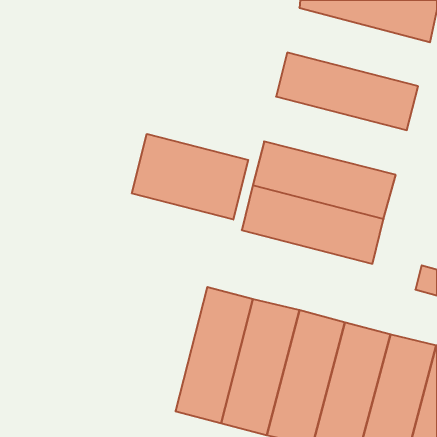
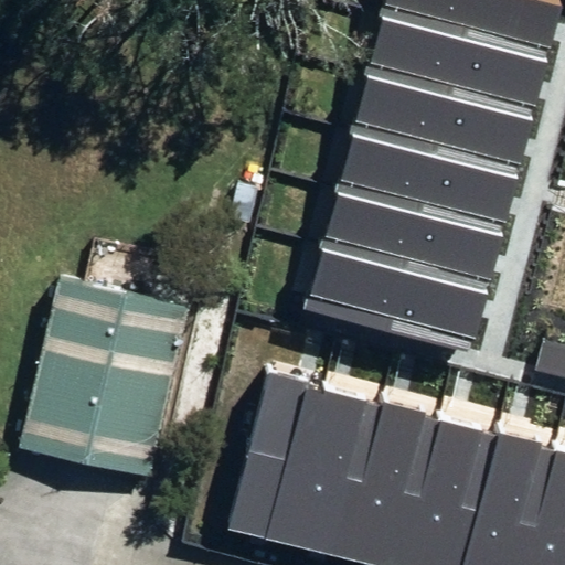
building: none -> [369,14,552,115]
building: none -> [339,128,522,228]
building: [132,134,248,220] -> none
building: none -> [17,274,193,476]

